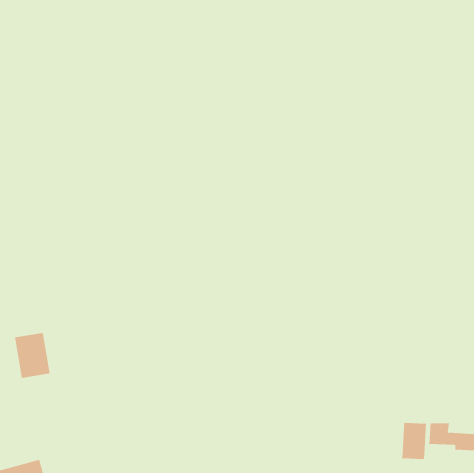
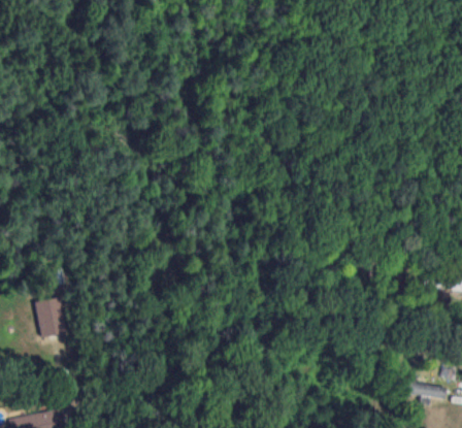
building: [402,422,427,460] -> none

